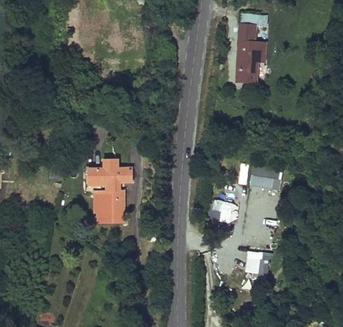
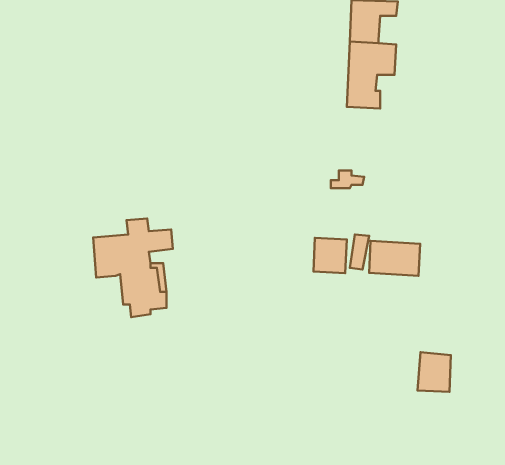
building: [211,201,232,223] -> [313,238,347,273]
building: [245,251,266,276] -> [417,352,451,392]

